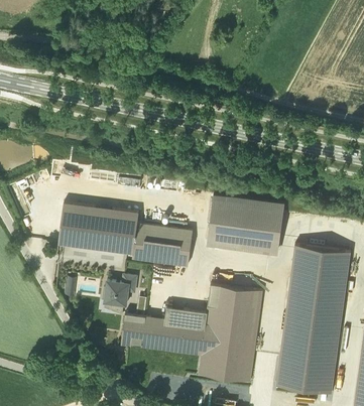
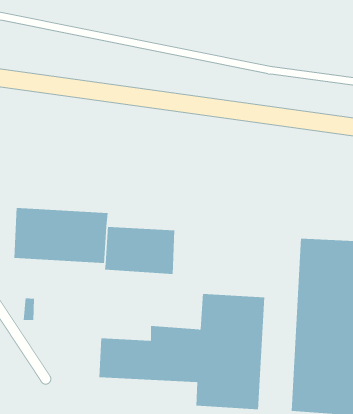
building: [207,194,284,256] -> none
building: [103,276,138,314] -> none

